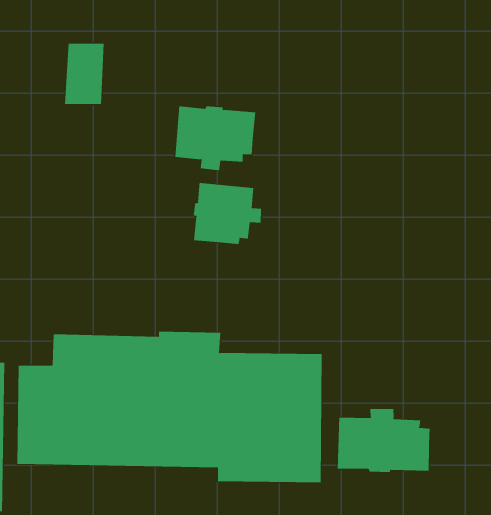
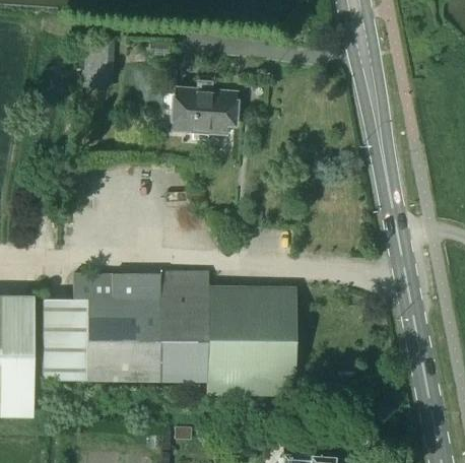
building: [193,182,262,245] -> none
building: [337,408,430,473] -> none

